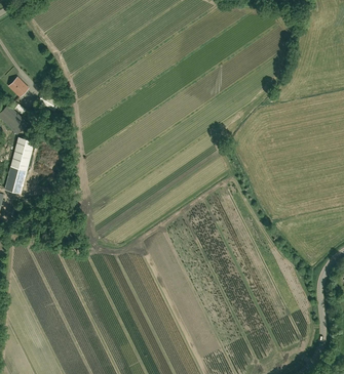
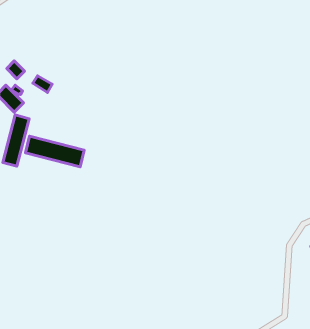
building: none -> [25,136,84,167]

